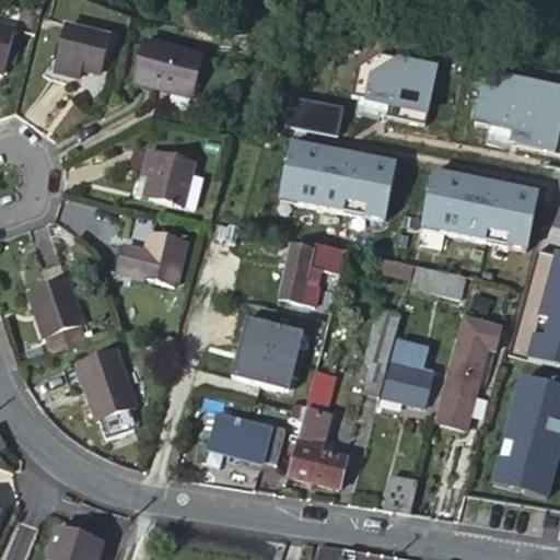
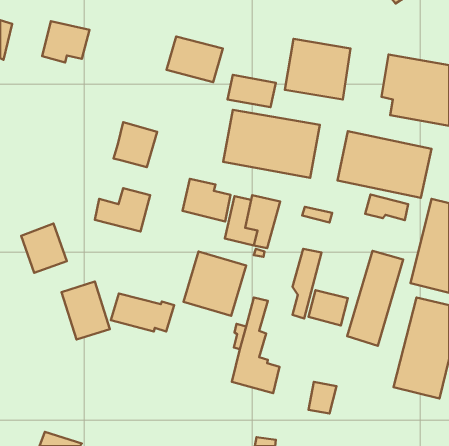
building: [133,43,203,100] -> [167,36,223,82]
building: none -> [183,179,230,222]
building: [411,267,465,299] -> [365,195,408,220]
building: [209,417,288,464] -> [111,294,174,331]

